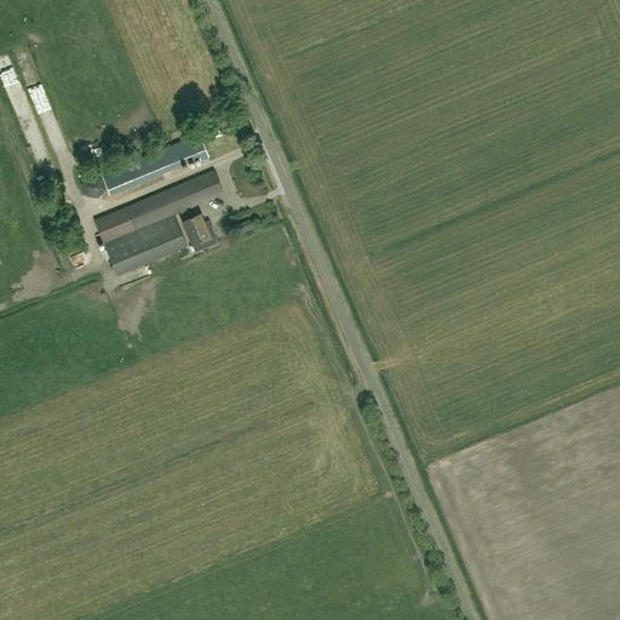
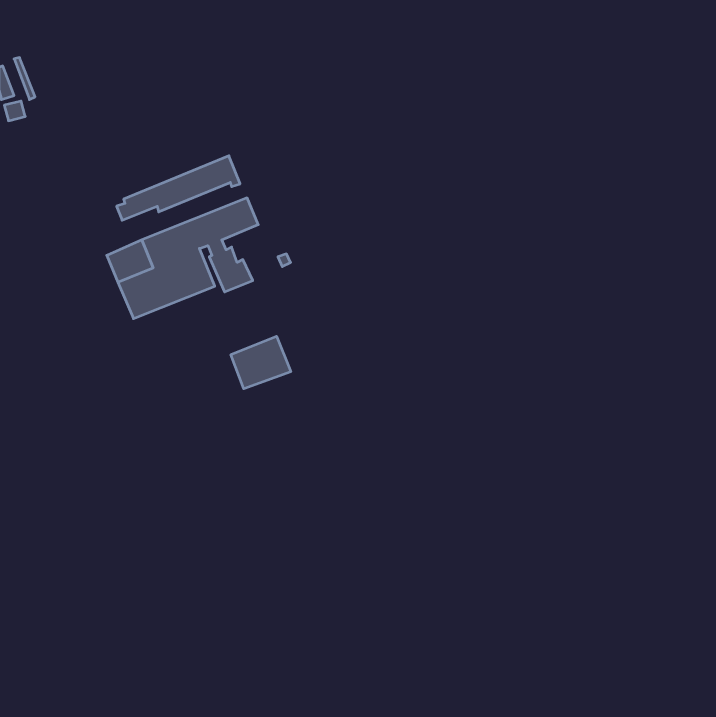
building: none -> [231,336,291,389]

